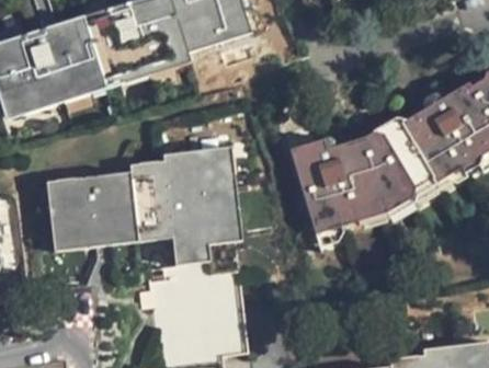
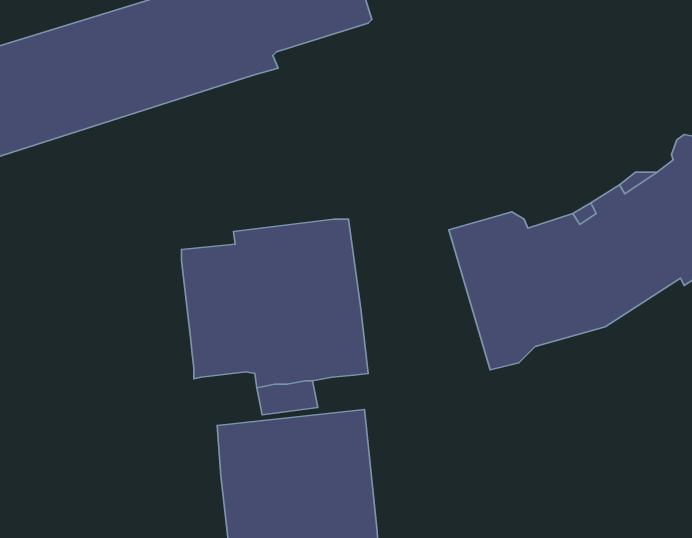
building: [44,169,136,251] -> none

